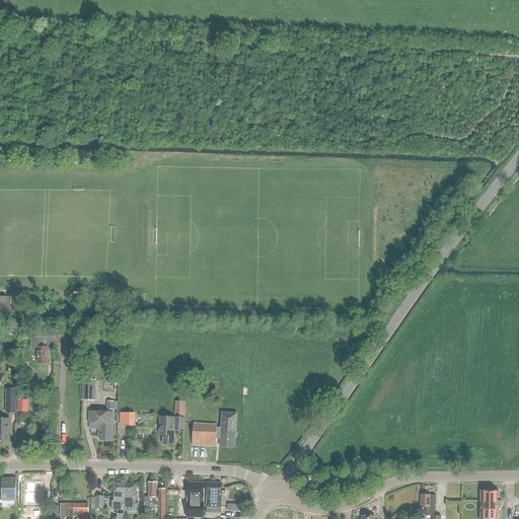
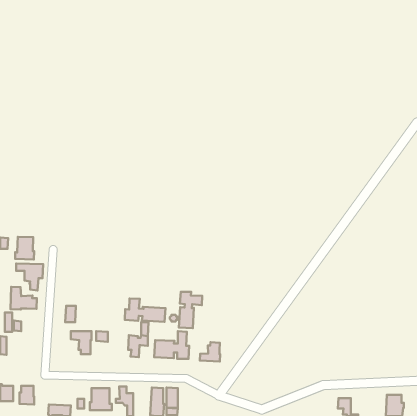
building: none -> [15,237,34,259]
building: none -> [10,287,37,309]
building: none -> [179,292,202,328]
building: none -> [125,299,165,322]
building: none -> [200,342,220,361]

